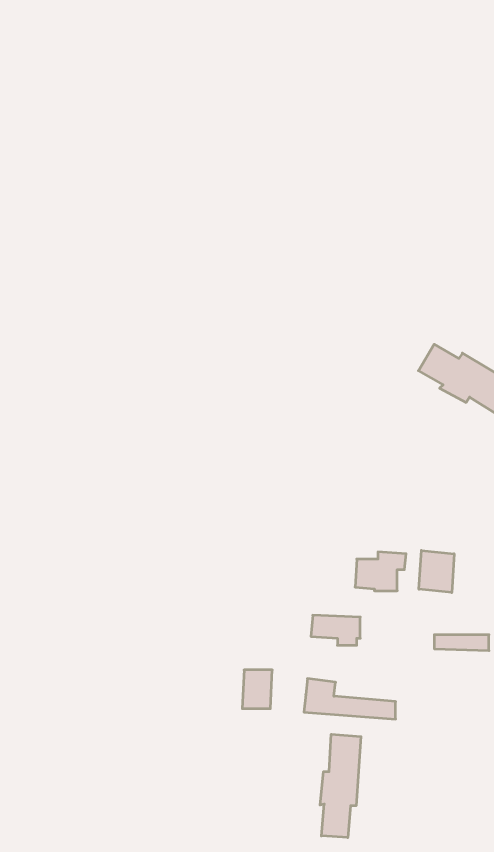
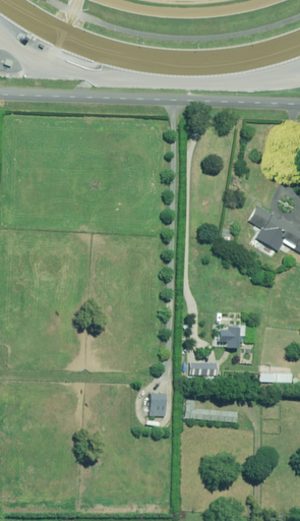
building: [419,550,454,593] -> none
building: [320,734,361,838] -> none

